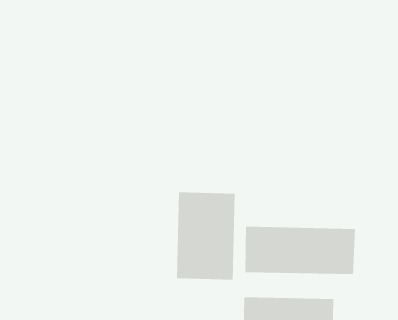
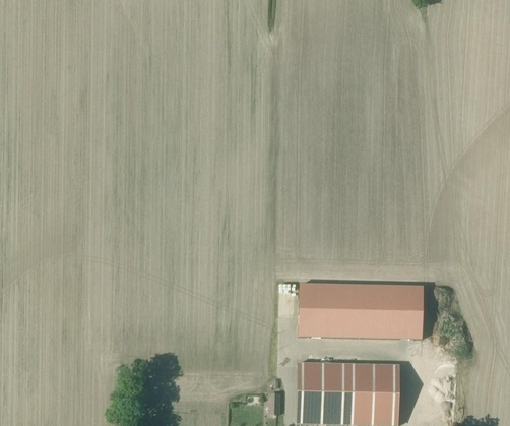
building: [176,191,236,280] -> none

